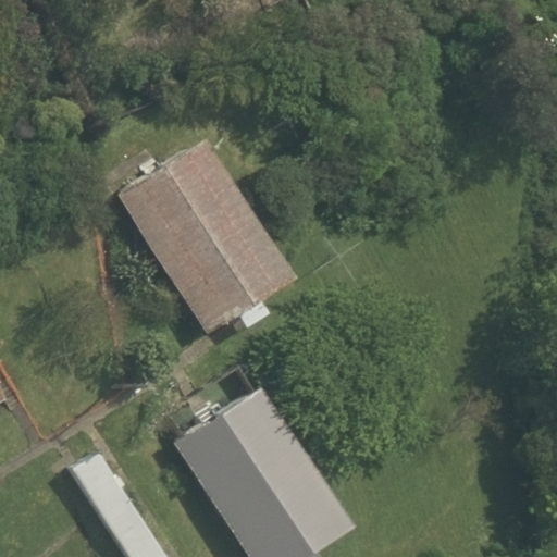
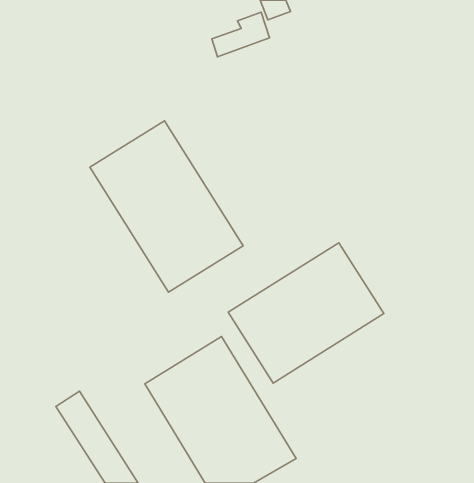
building: none -> [228,243,384,383]

